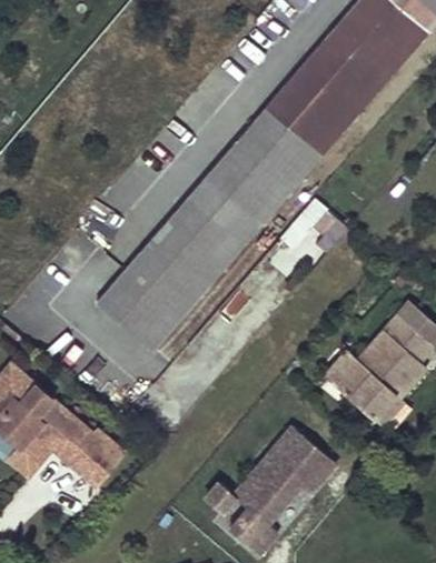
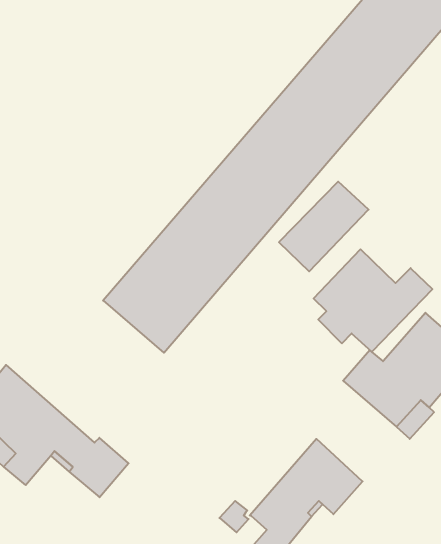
building: none -> [314,249,432,352]

